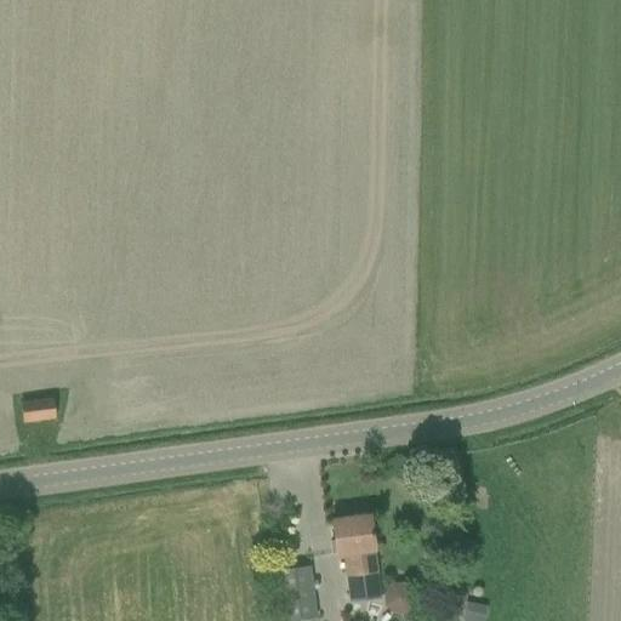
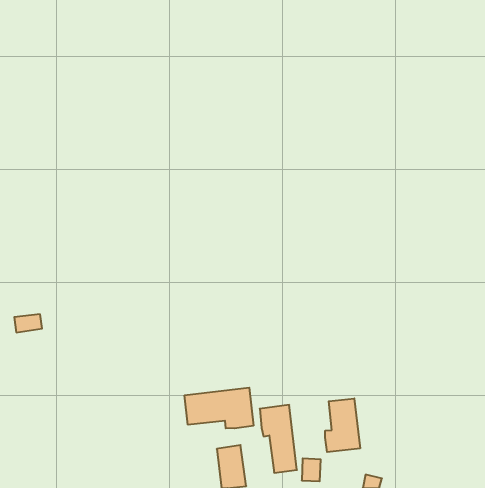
building: none -> [185,388,253,428]
building: none -> [325,398,360,452]

